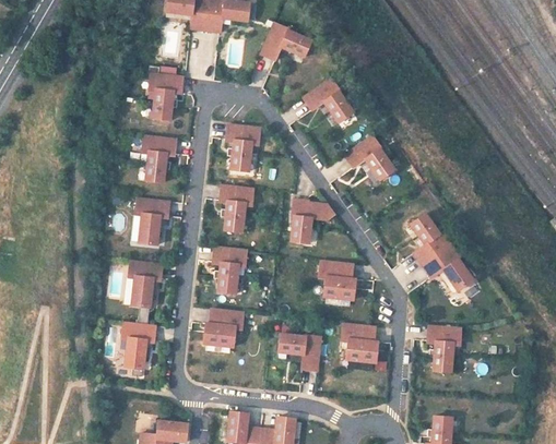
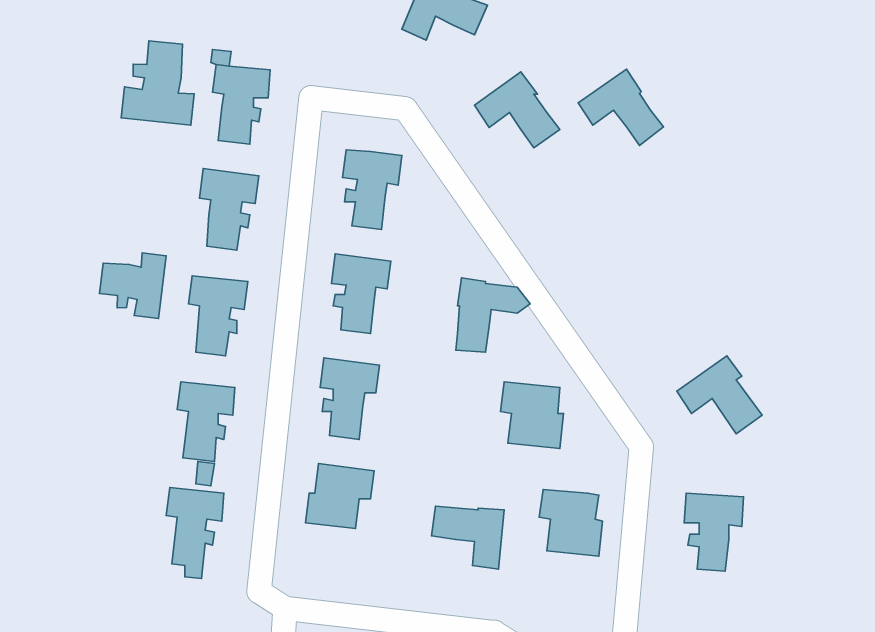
building: none -> [121,41,194,125]
building: [343,136,393,181] -> [578,69,664,145]
building: none -> [99,253,166,319]
building: [411,214,451,266] -> none

